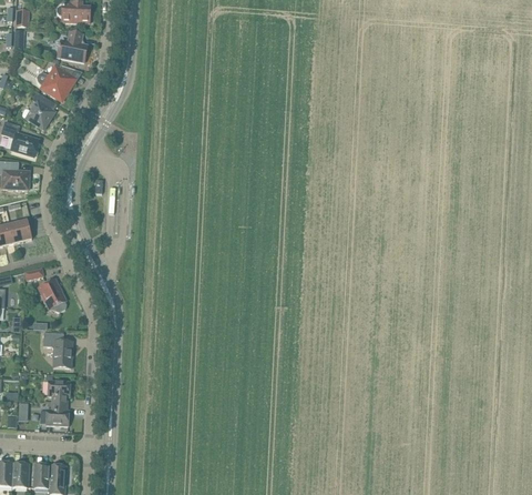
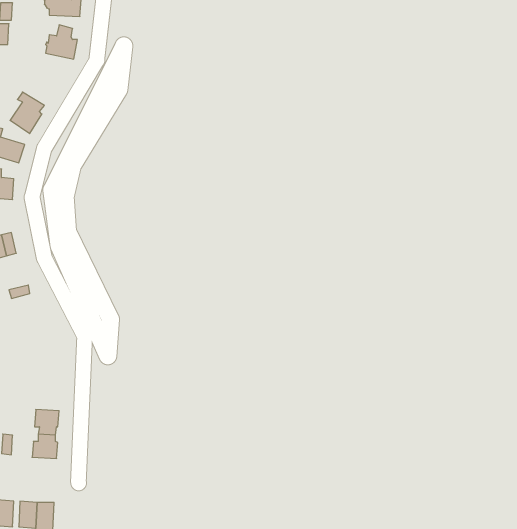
building: [37,63,75,100] -> none
building: [38,277,66,311] -> none
building: [43,331,72,367] -> none

